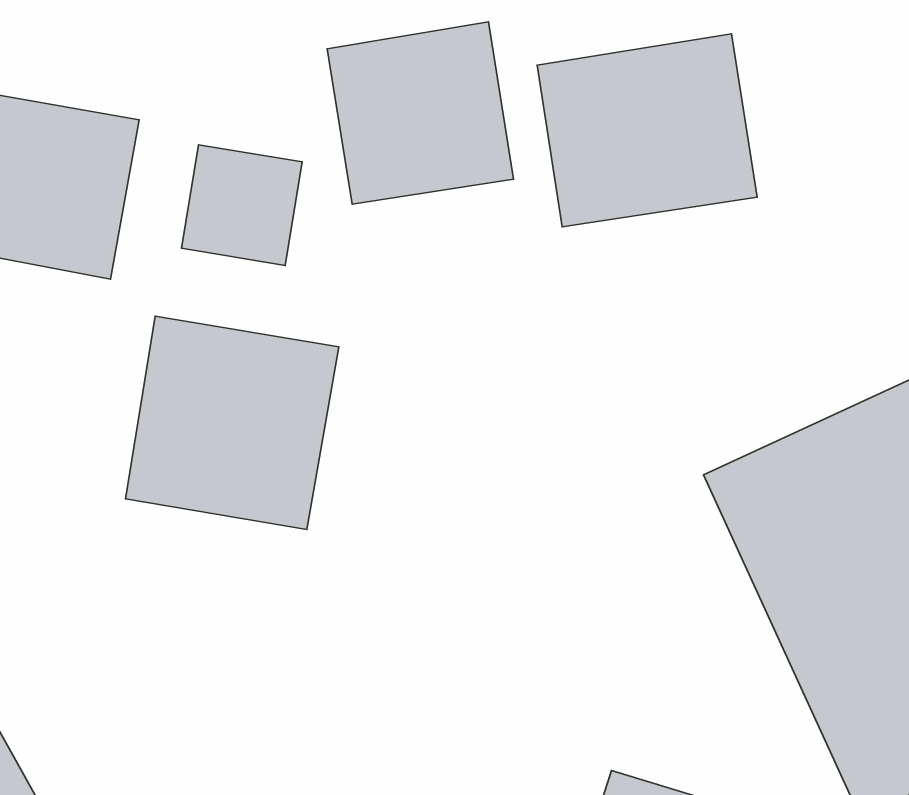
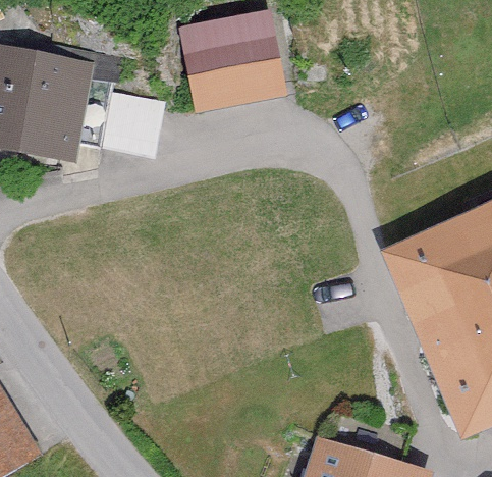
building: [537,34,757,227] -> none
building: [125,316,339,529] -> none

